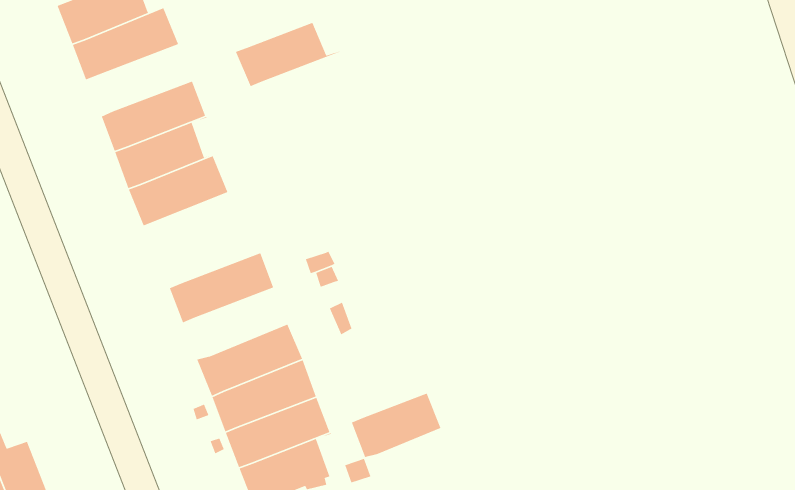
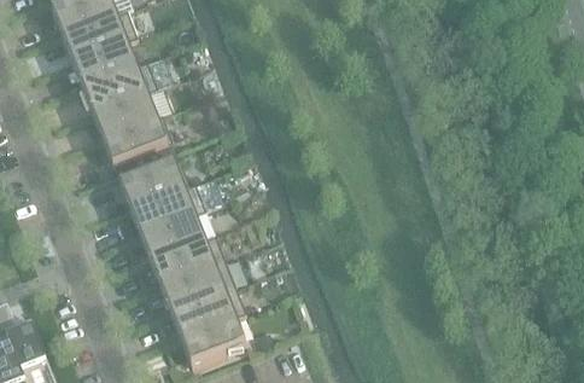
building: [235,16,342,87] -> [72,40,148,91]
building: none -> [121,162,197,213]
building: [351,387,456,458] -> [141,213,216,263]

